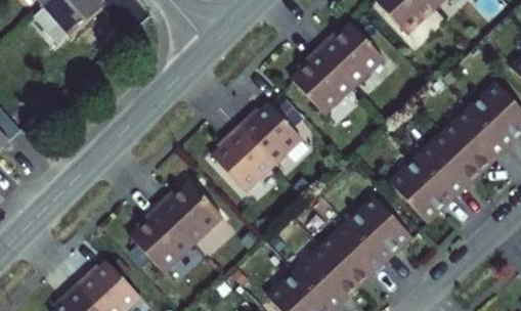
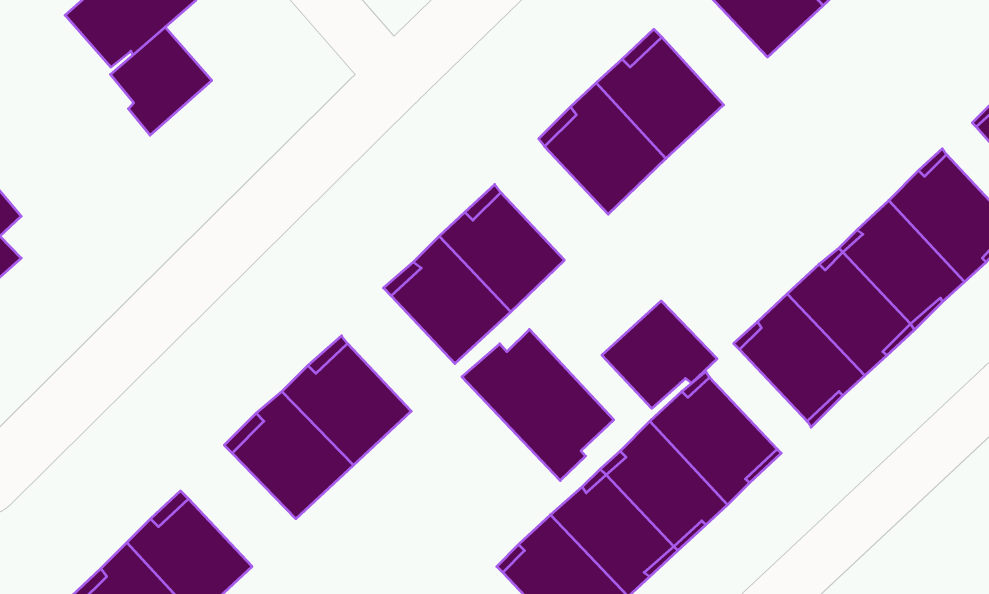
building: none -> [110,27,212,135]
building: none -> [602,301,717,408]
building: none -> [462,329,614,481]

